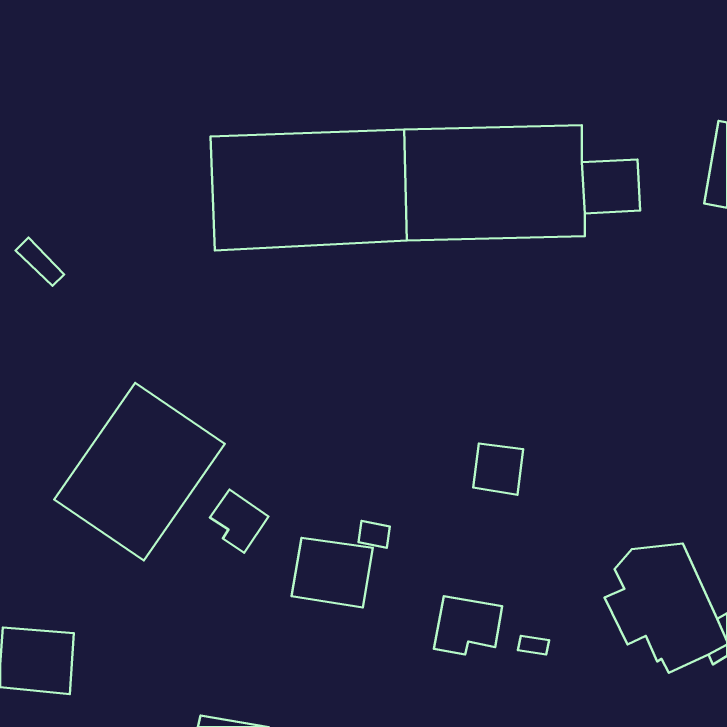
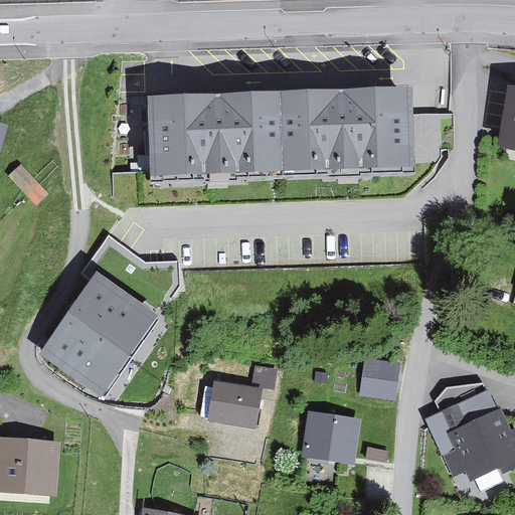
building: [473,443,523,495] -> [362,362,397,398]
building: [210,489,268,553] -> none

